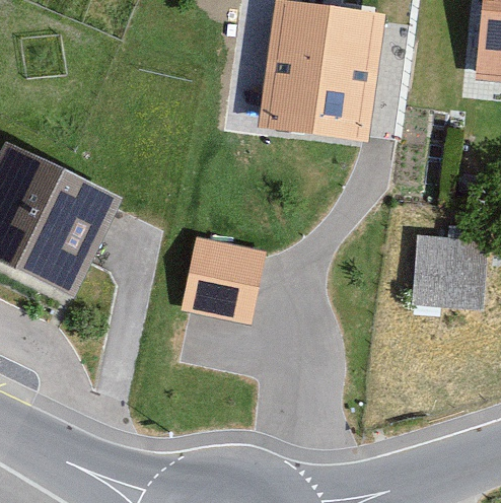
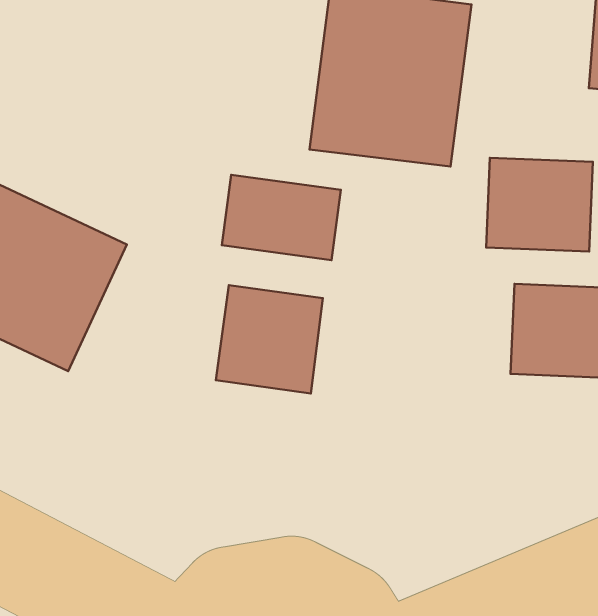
building: none -> [486,158,593,252]
building: none -> [222,175,341,260]

